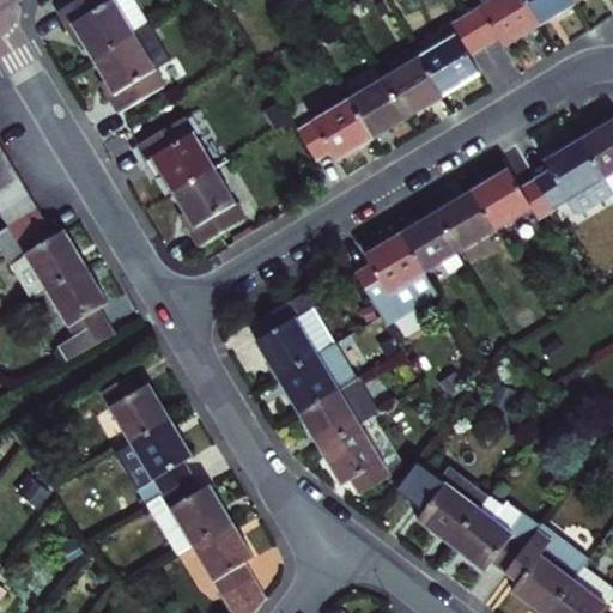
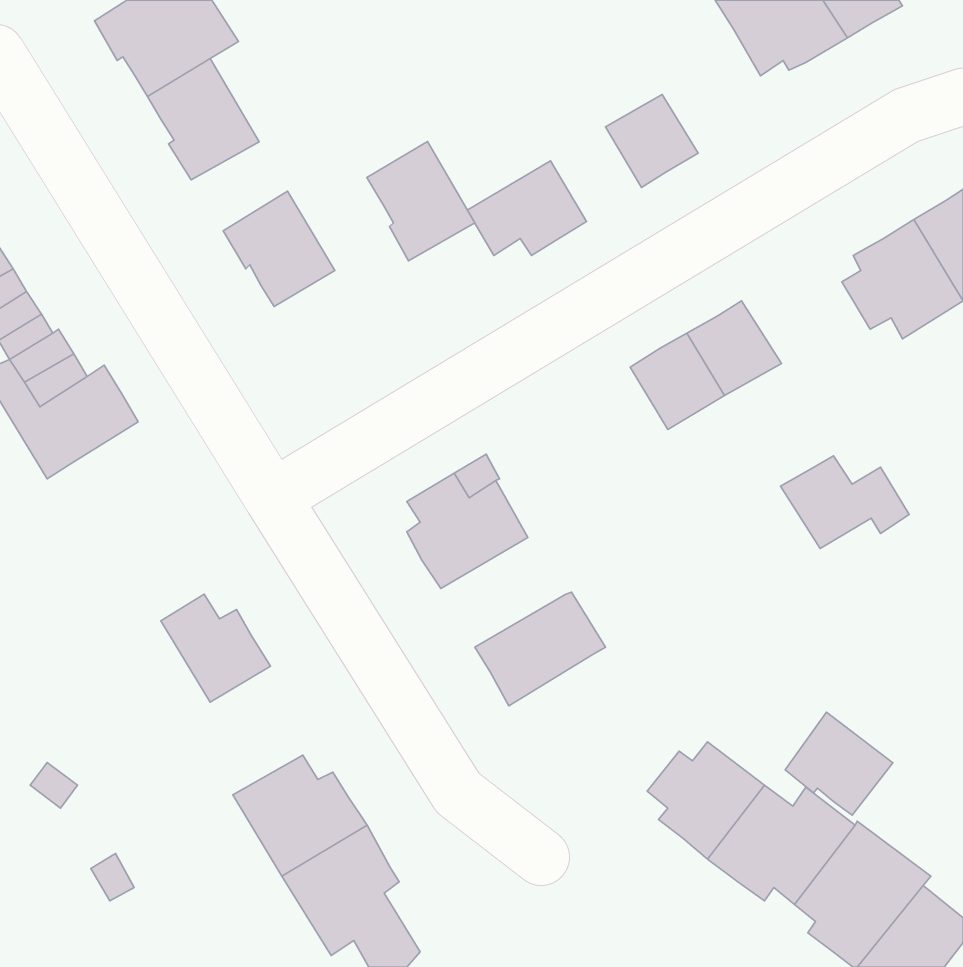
building: [419,19,481,97] -> none
building: [348,80,406,140] -> none
building: [174,171,242,247] -> [367,141,475,261]
building: [469,171,551,230] -> [780,456,909,549]
building: [353,232,436,324] -> none
building: [47,267,113,362] -> none
building: [279,339,358,409] -> none
building: [322,414,402,490] -> none
building: [117,421,192,503] -> none
building: none -> [785,712,893,815]

